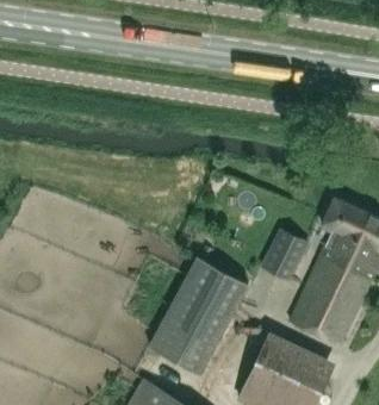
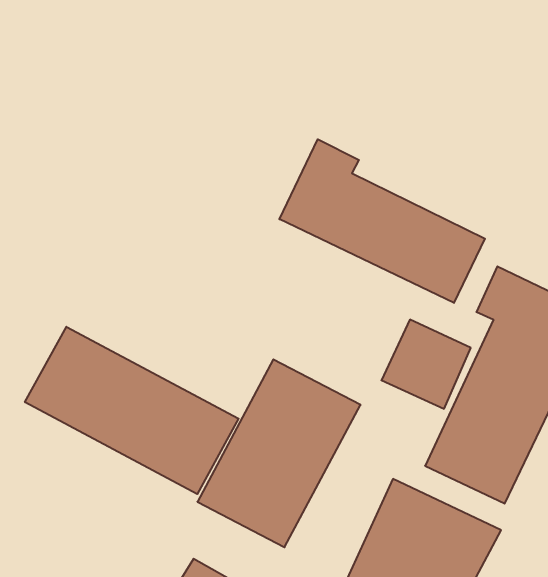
building: none -> [279,139,485,303]
building: none -> [25,327,239,494]

